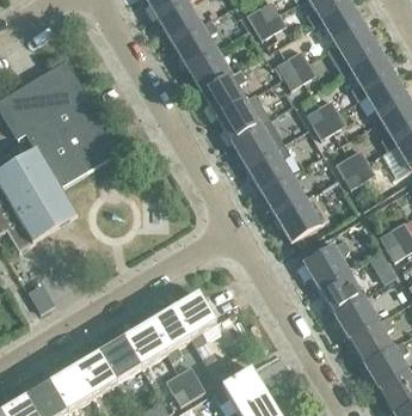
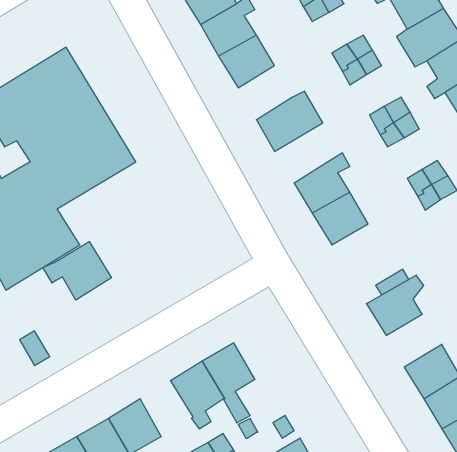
building: [202,68,245,116] -> none
building: [230,118,275,166] -> none
building: [276,192,328,240] -> none
building: none -> [43,242,111,300]
building: [319,270,363,312] -> none
building: [124,323,166,367] -> none

